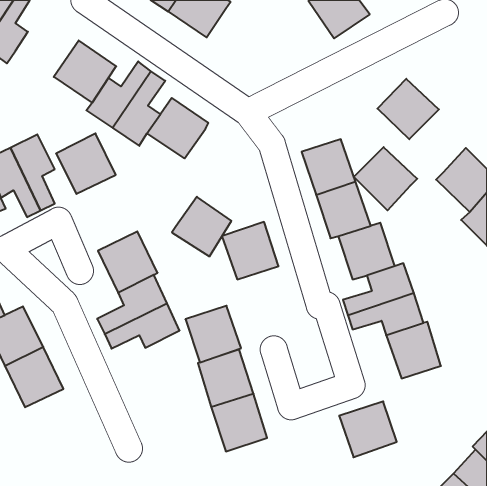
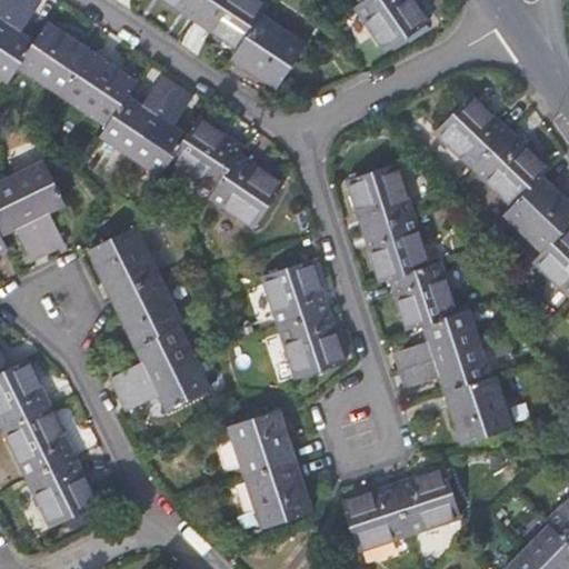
building: none -> [233,16,303,87]
building: none -> [18,22,91,94]
building: [56,133,116,194] -> [90,226,159,296]
building: [354,147,417,210] -> [473,132,547,206]
building: [172,197,231,256] -> [209,154,278,223]
building: [185,306,241,362] -> [274,313,339,379]
building: none -> [29,456,97,526]
building: none -> [341,487,409,551]

